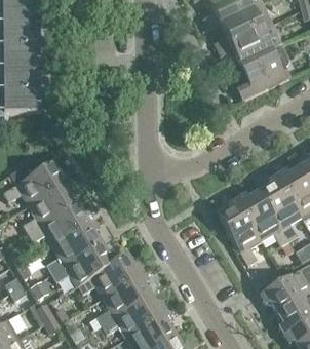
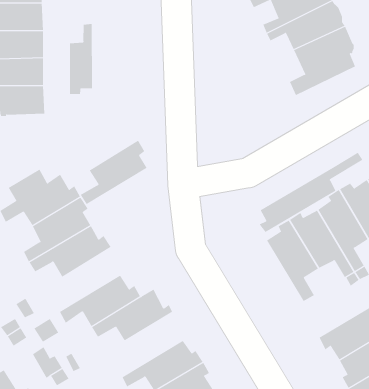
building: none -> [70,23,93,95]
building: none -> [259,152,363,233]
building: [45,221,100,273] -> [80,140,148,205]
building: [88,273,150,329] -> none

